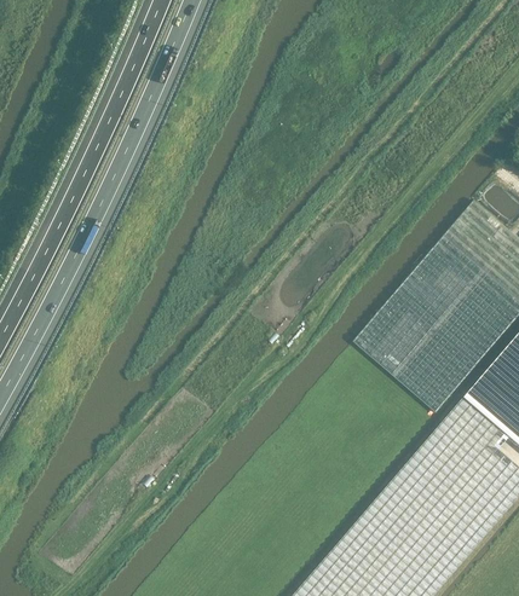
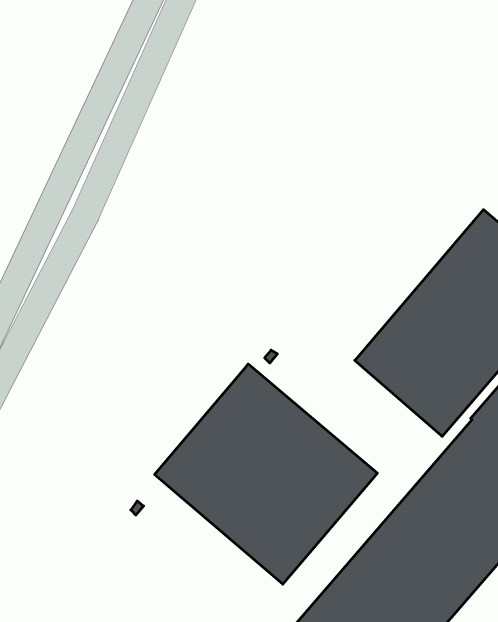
building: none -> [155,364,377,584]

